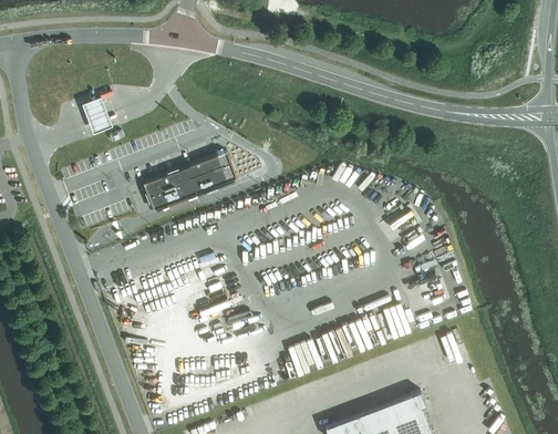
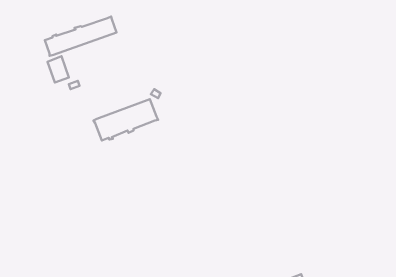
building: none -> [45,16,116,56]

